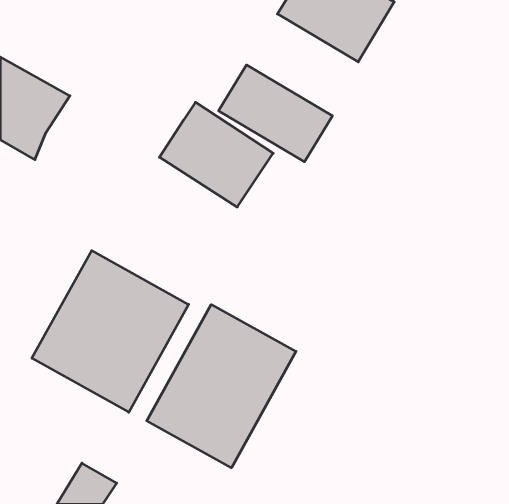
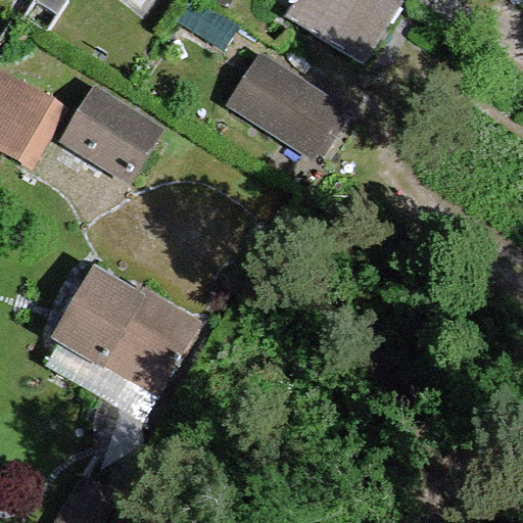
building: [159,102,273,207] -> [48,80,164,187]
building: [147,305,296,468] -> none

